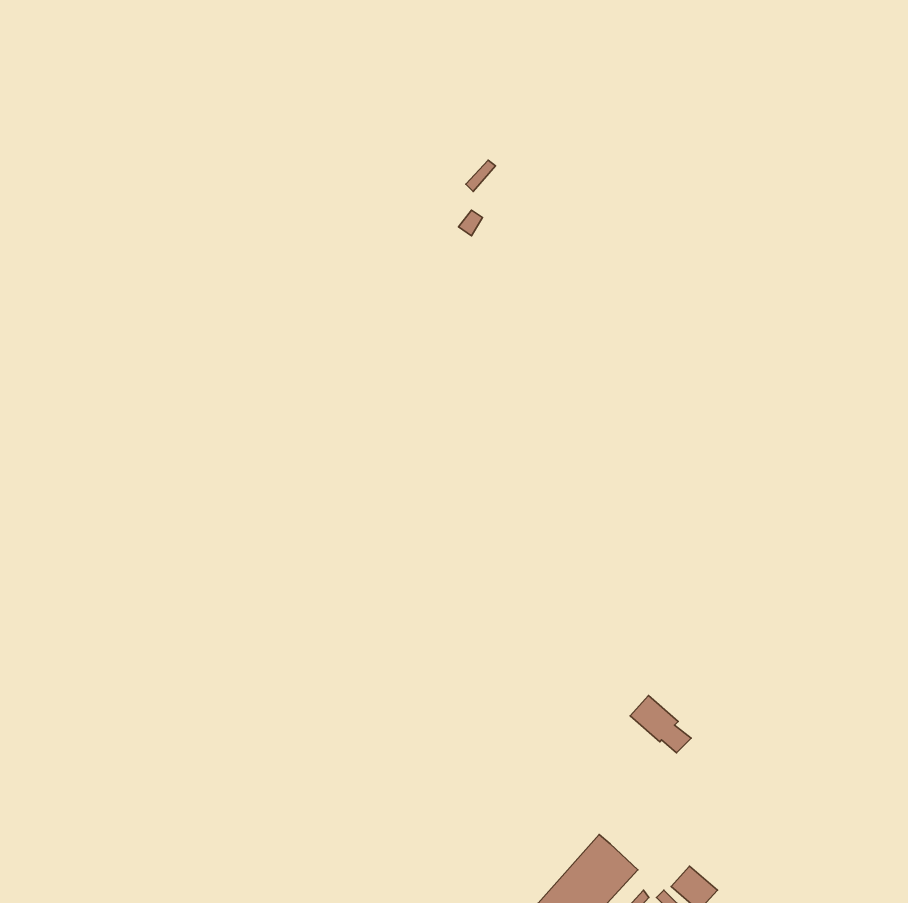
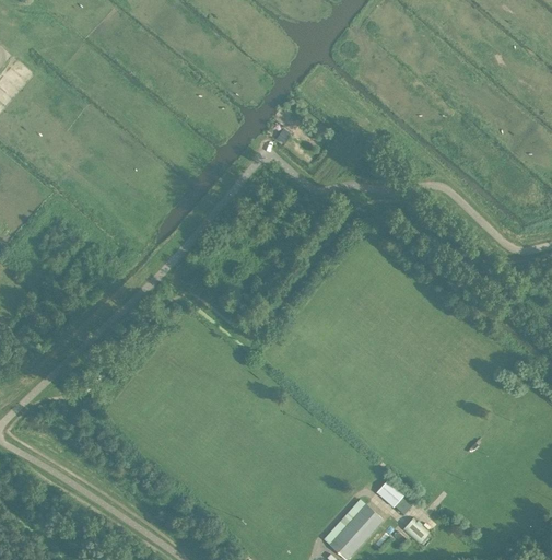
building: [630,696,691,753] -> [376,480,412,514]

